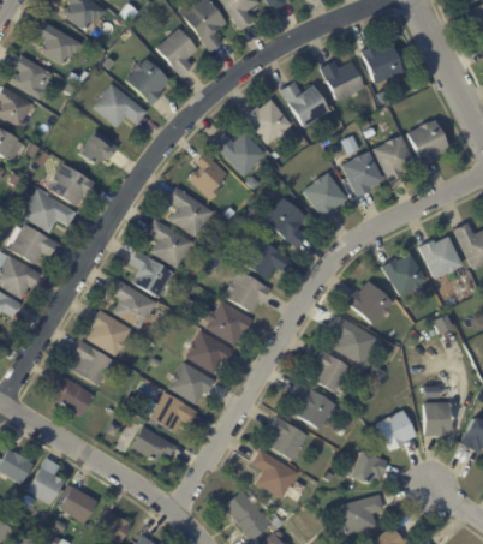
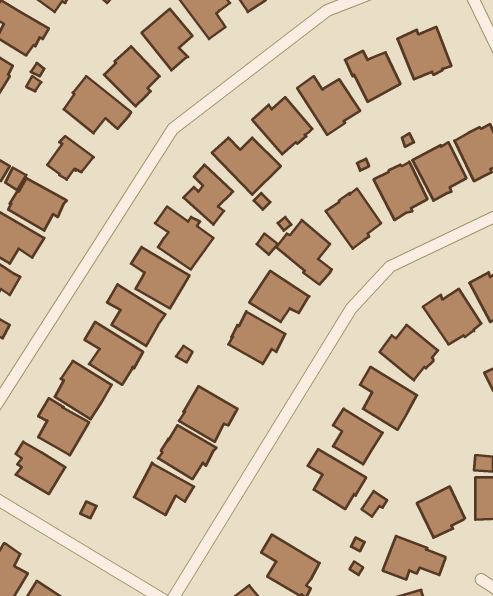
building: [203,300,254,346] -> none
building: [268,416,308,461] -> none
building: [131,426,175,462] -> none

